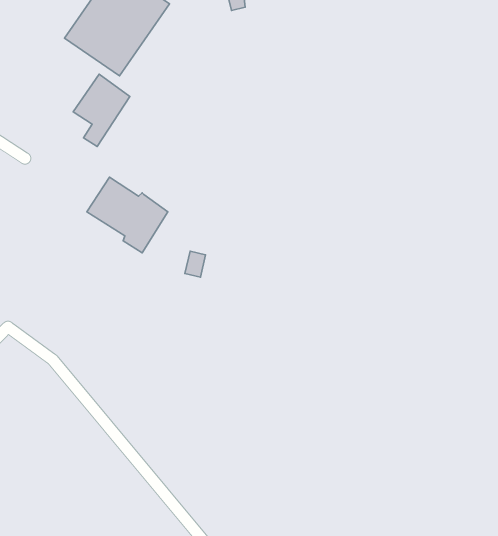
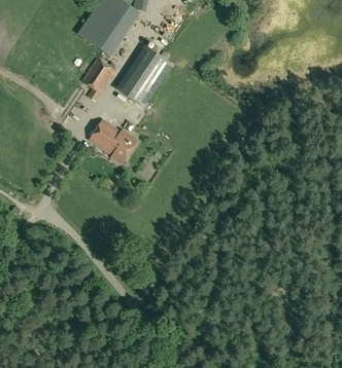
building: none -> [117,45,172,106]

